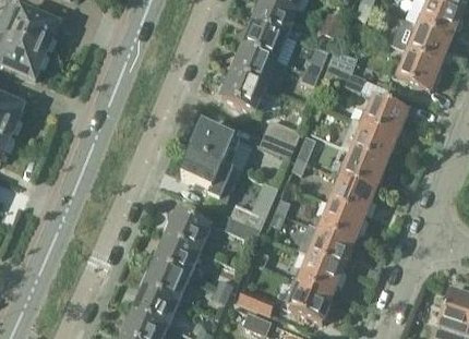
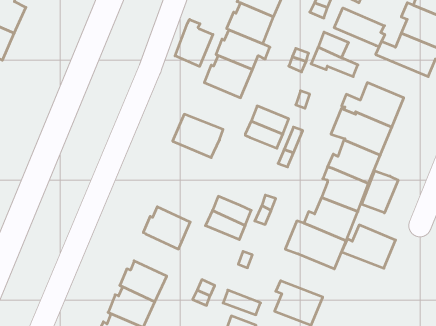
building: none -> [334,8,385,47]
building: none -> [175,19,213,66]
building: [182,149,241,201] -> none
building: none -> [362,171,398,213]
building: [155,235,199,275] -> none
building: [293,254,344,294] -> [342,225,396,268]

